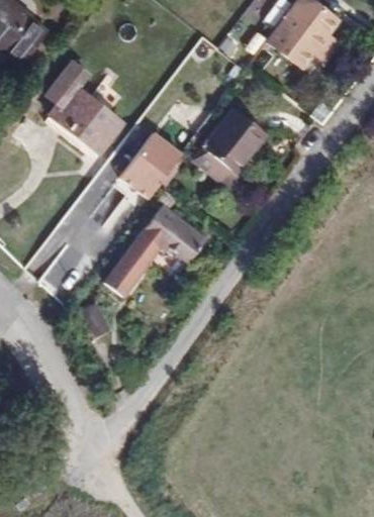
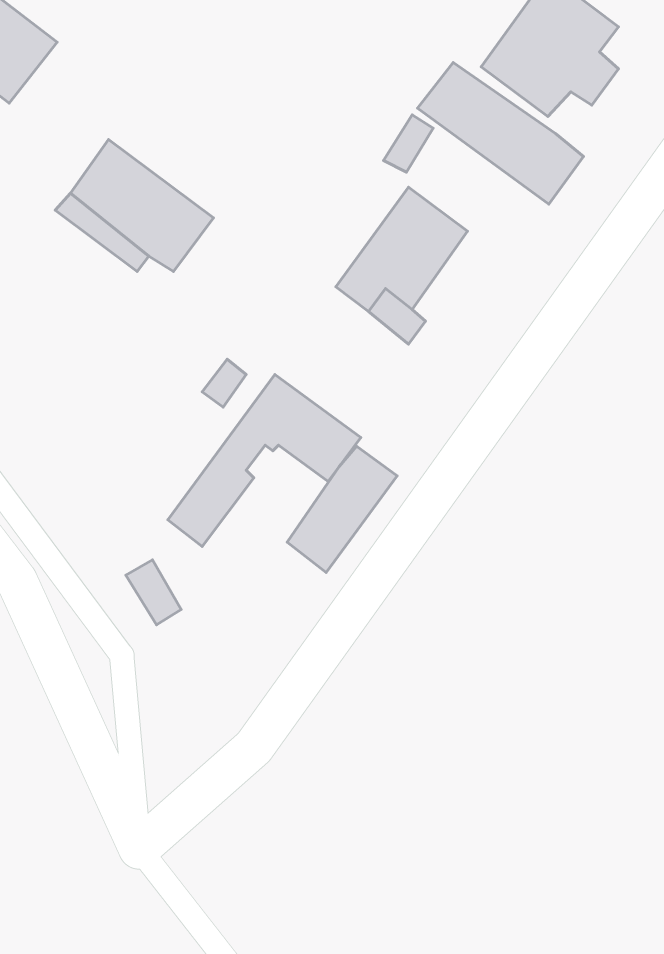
building: none -> [418,63,583,204]
building: [122,130,185,198] -> none
building: none -> [287,446,397,573]

